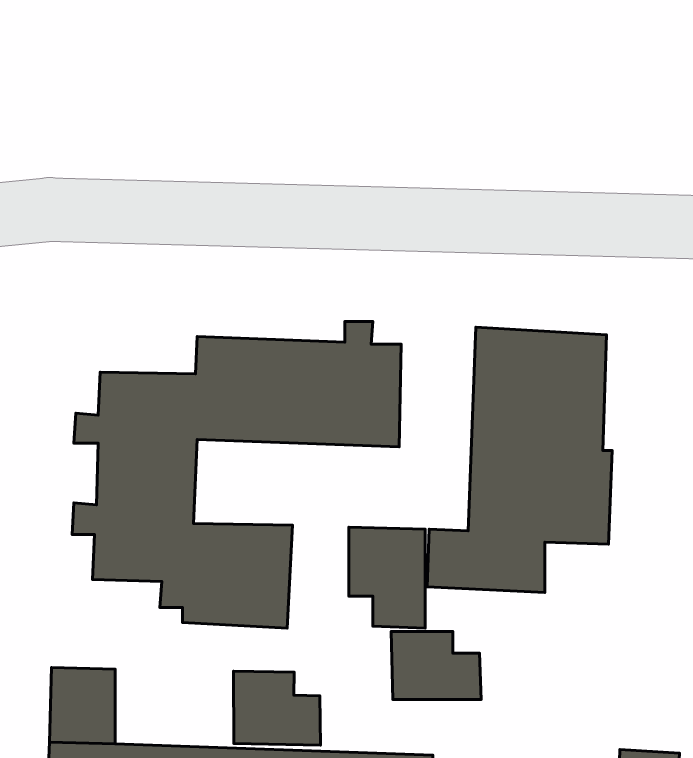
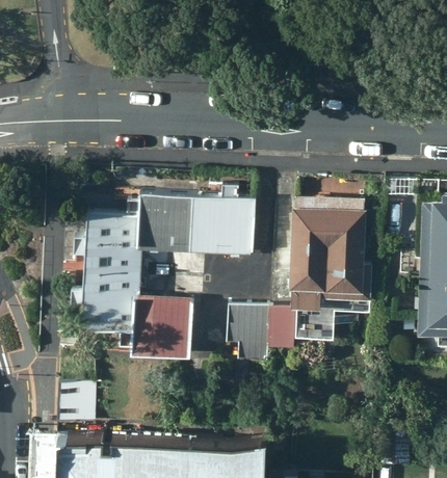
building: [391,631,481,699] -> none
building: [234,671,321,745] -> none

